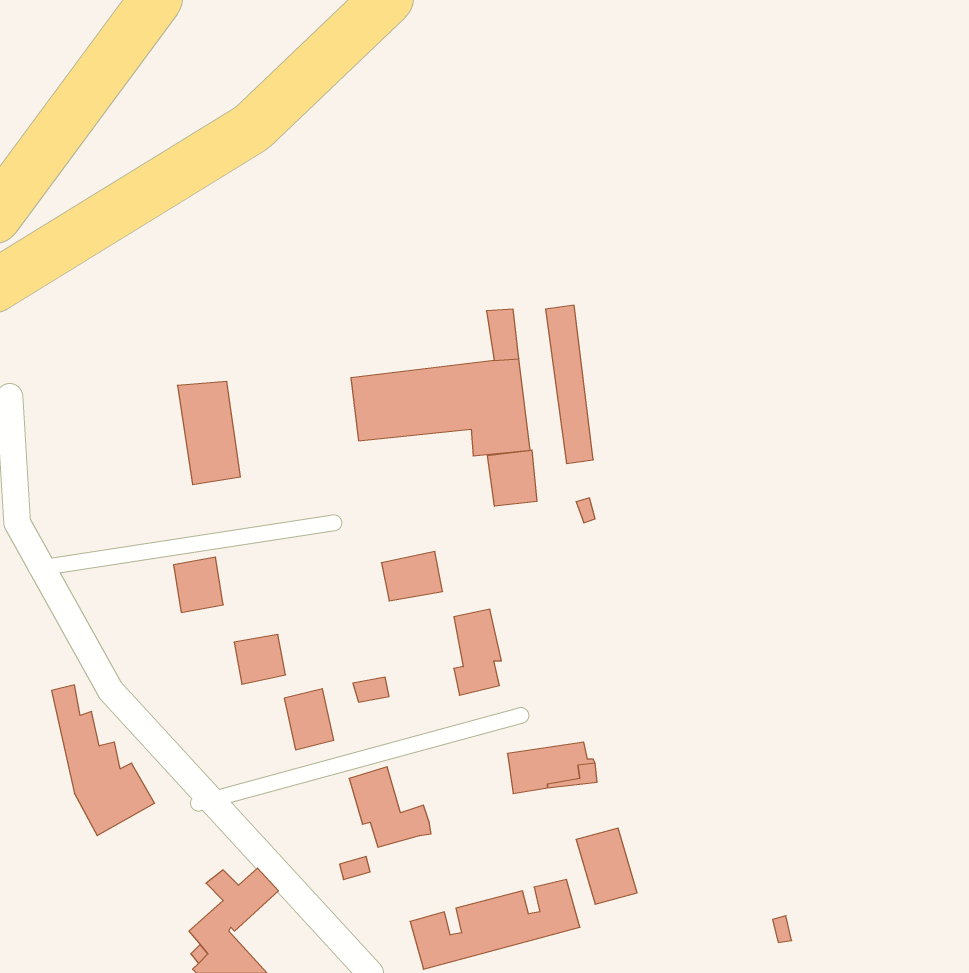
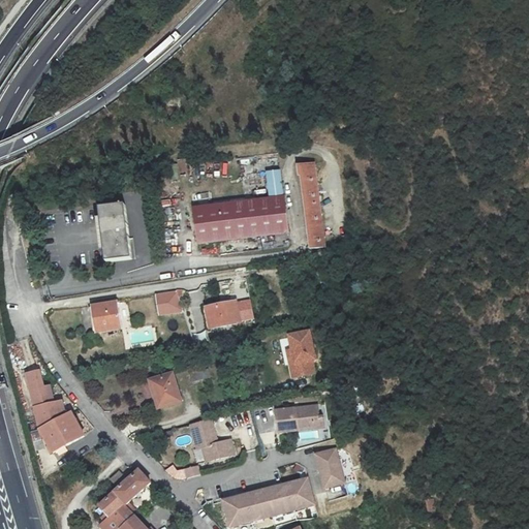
building: [488,450,537,506] -> none
building: [454,609,501,695] -> [288,330,314,376]
building: [234,635,286,684] -> [151,289,179,316]

